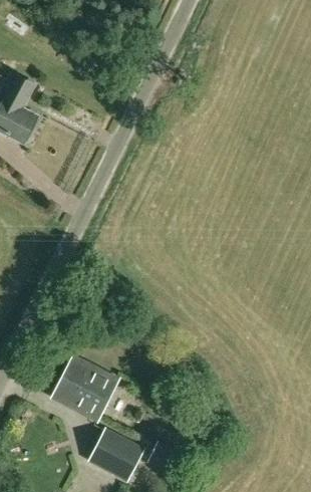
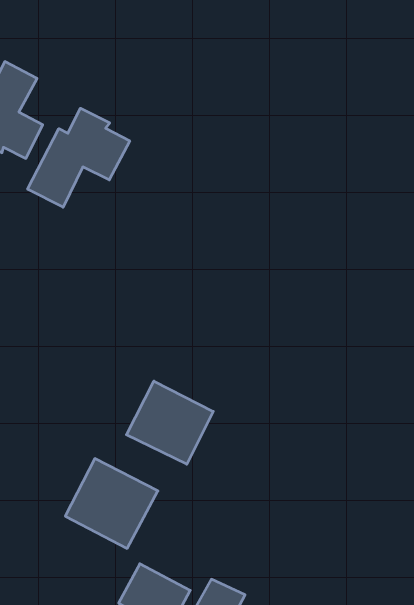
building: none -> [28,108,130,207]
building: none -> [126,381,213,464]

